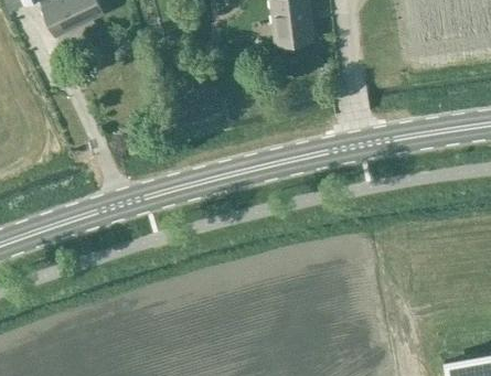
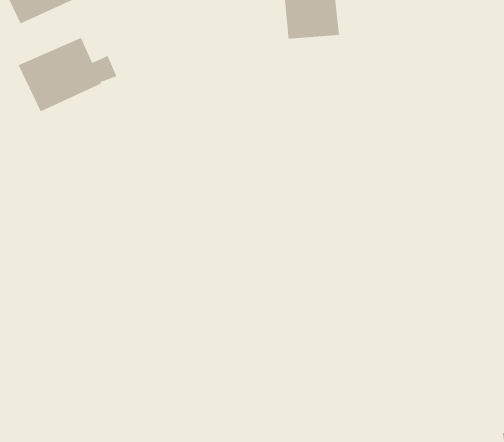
building: none -> [18,37,117,112]

